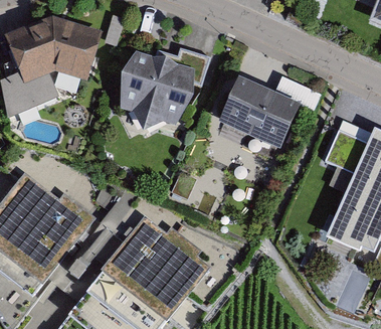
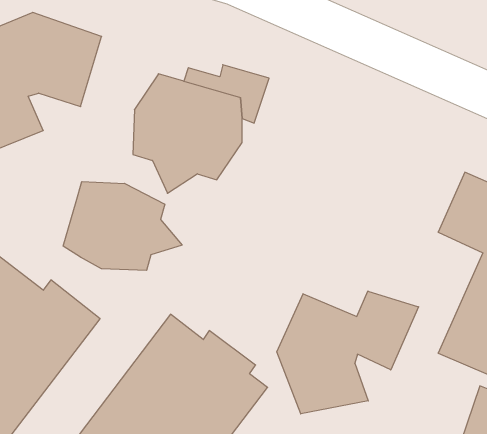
building: [218,78,301,152] -> none
building: none -> [63,182,182,270]
building: none -> [277,291,419,414]

